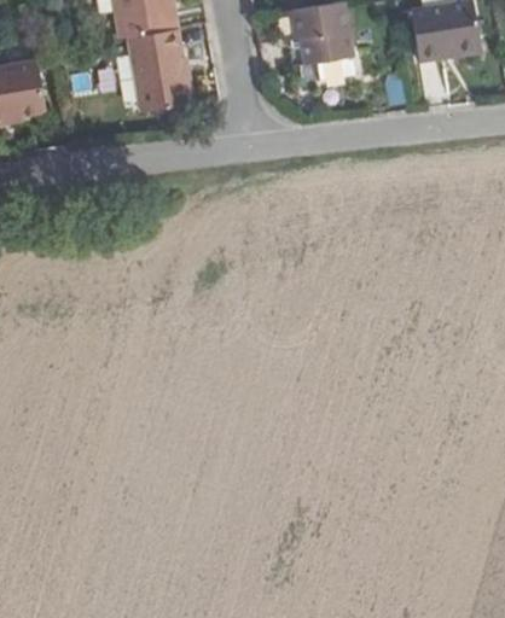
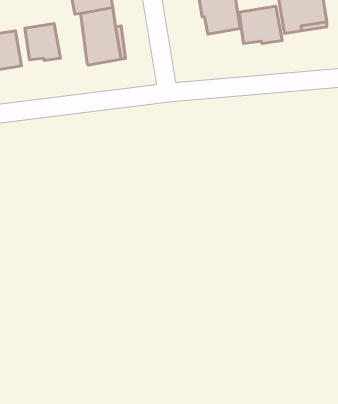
building: none -> [239,6,282,43]
building: none -> [25,24,60,60]

